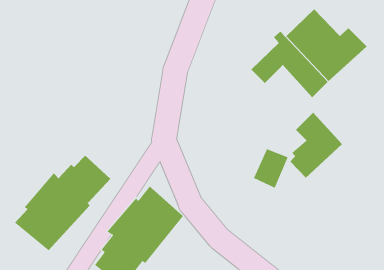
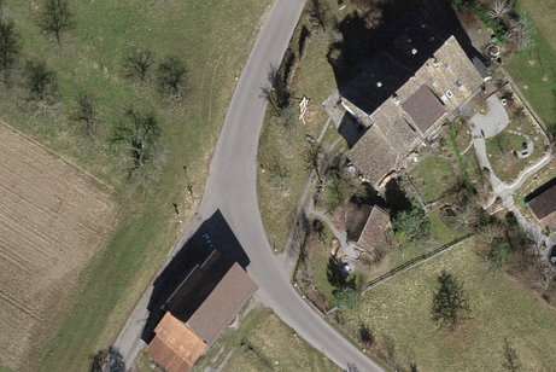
building: [290,112,343,179] -> [353,98,421,182]
building: [14,155,111,251] -> none

